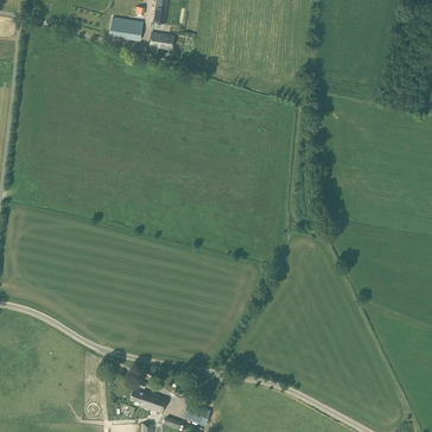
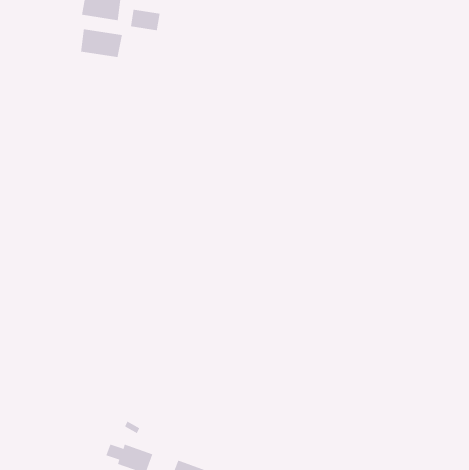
building: none -> [81,29,122,58]

